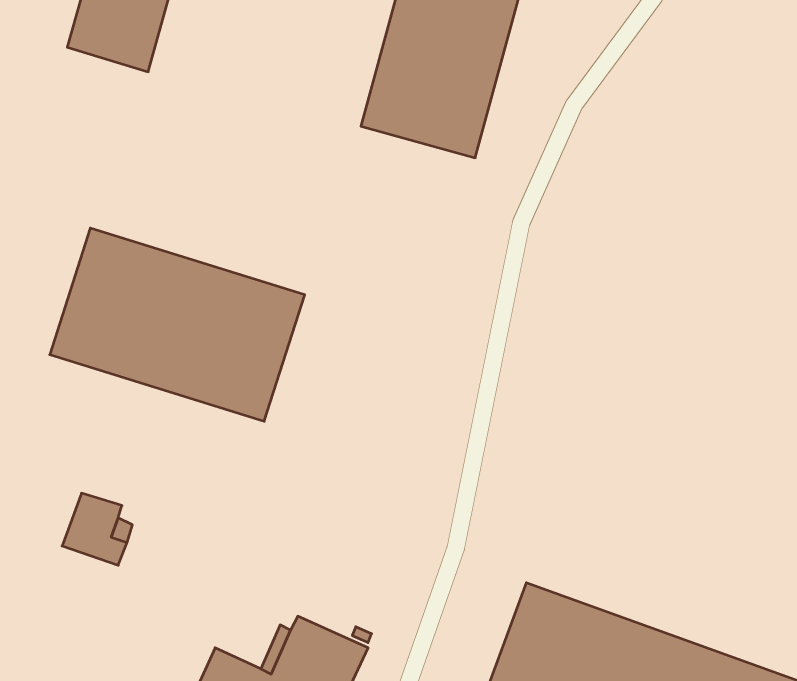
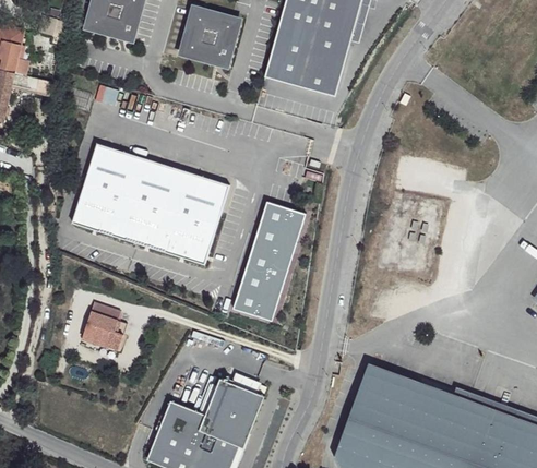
building: none -> [176,5,242,71]
building: none -> [234,200,303,317]

